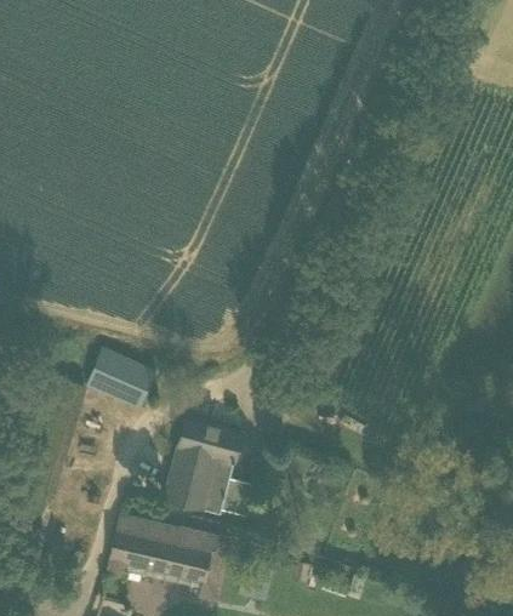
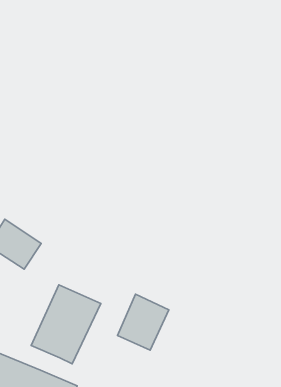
building: none -> [118,294,169,350]

